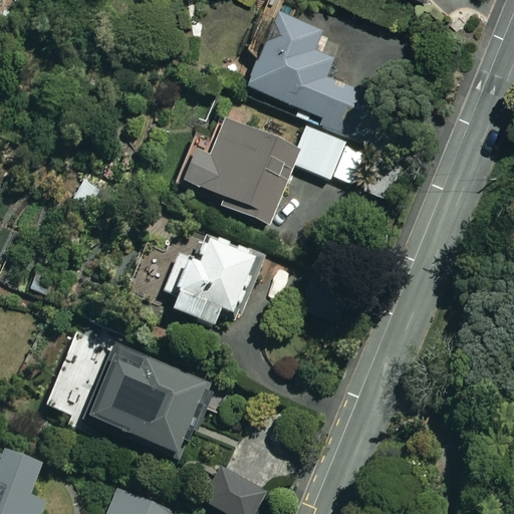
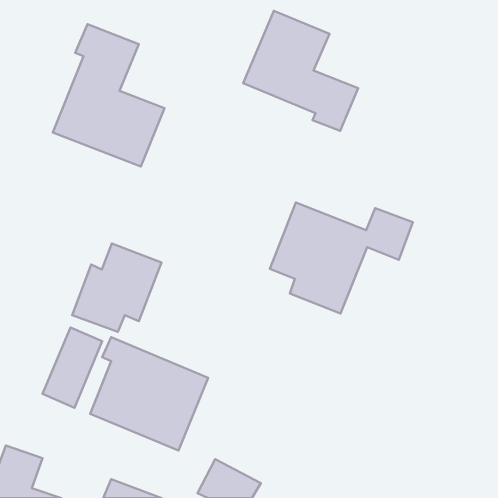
building: none -> [53,24,164,166]
building: [196,117,340,230] -> [270,202,413,313]
building: [170,236,260,325] -> [72,244,162,332]

